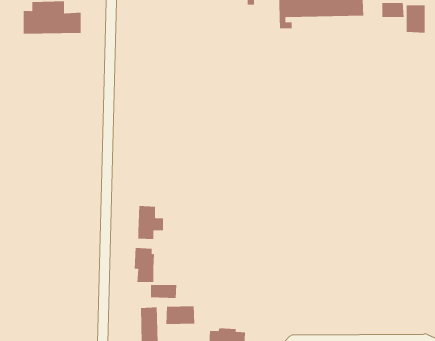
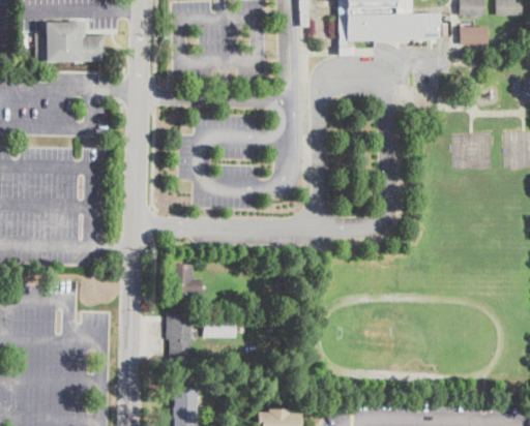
building: [406,4,425,34] -> none
building: [150,284,177,298] -> [206,320,238,336]
building: [166,306,195,325] -> none

